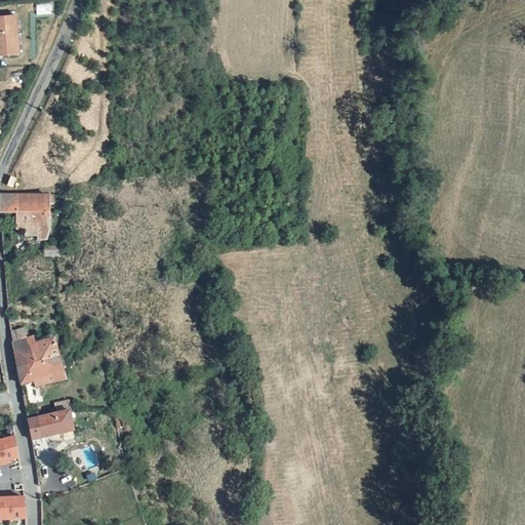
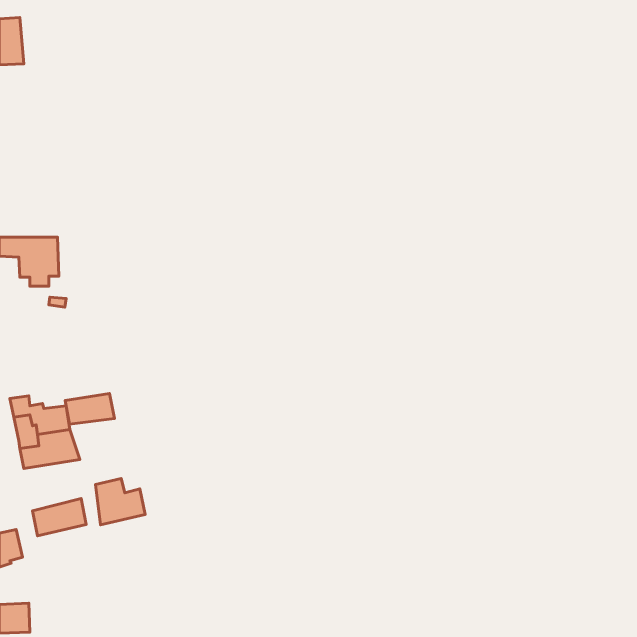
building: none -> [65,394,114,424]
building: none -> [96,479,145,525]

